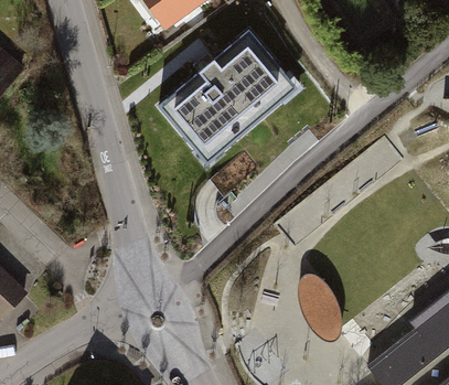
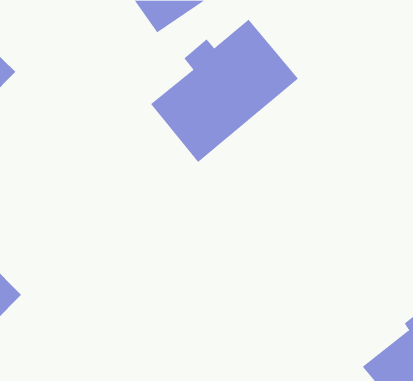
building: [299,274,342,342] -> none

